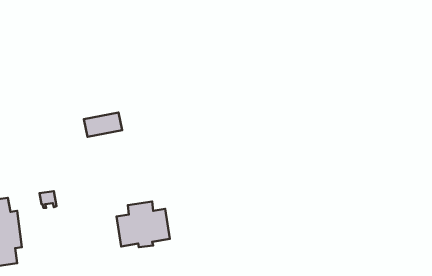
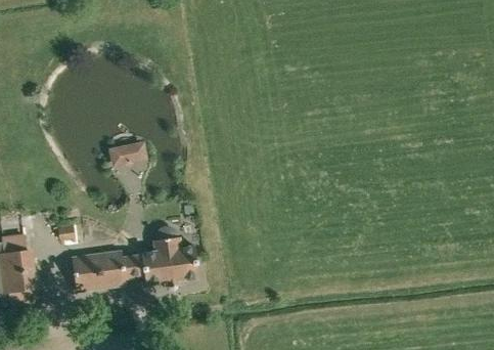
building: none -> [72,254,124,288]

